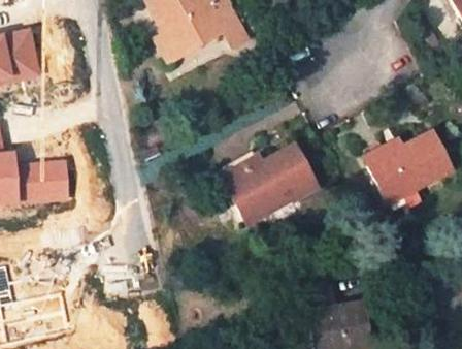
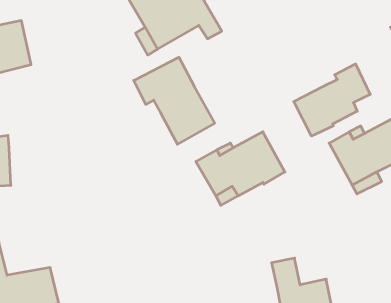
building: none -> [134,57,215,144]
building: none -> [294,64,370,136]
building: [19,157,69,203] -> none

